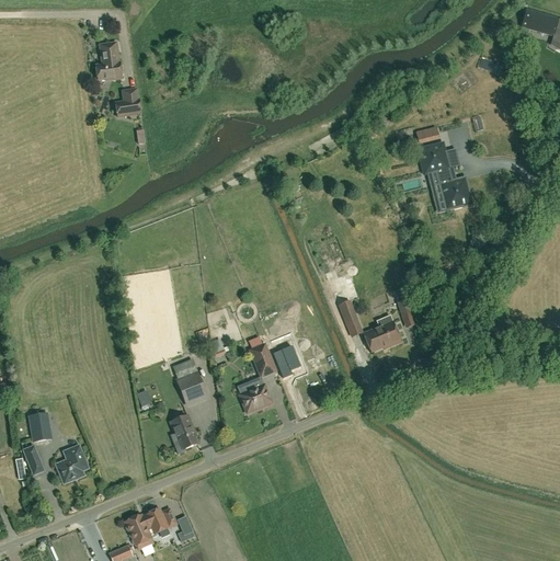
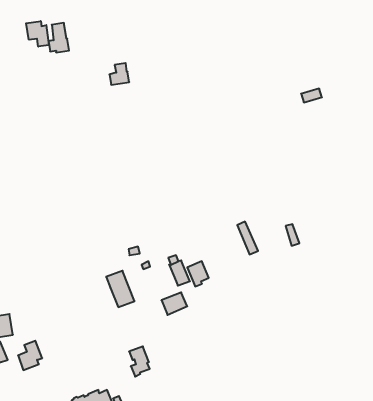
building: none -> [26,21,49,47]
building: [116,89,141,116] -> [109,63,129,85]
building: [418,142,472,209] -> none
building: [364,316,401,351] -> none
building: [170,415,196,454] -> [129,346,150,377]

